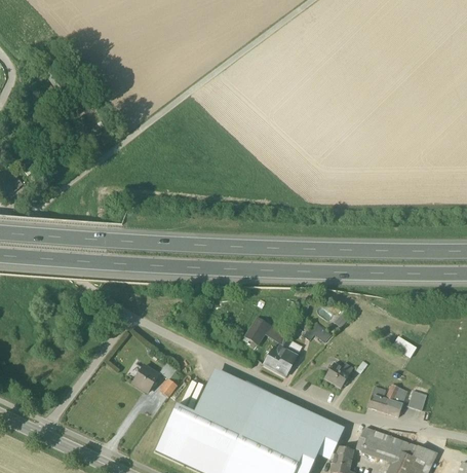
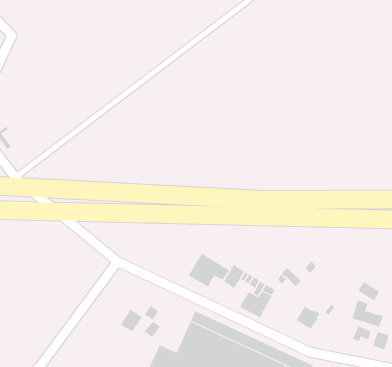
building: none -> [188,253,230,288]
building: [367,386,402,415] -> [352,300,384,327]

